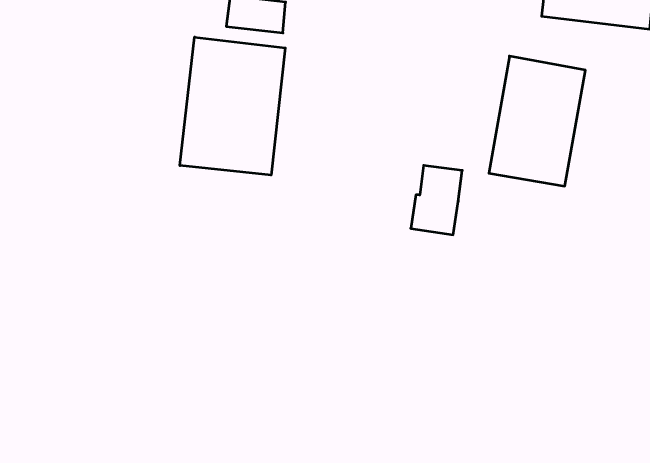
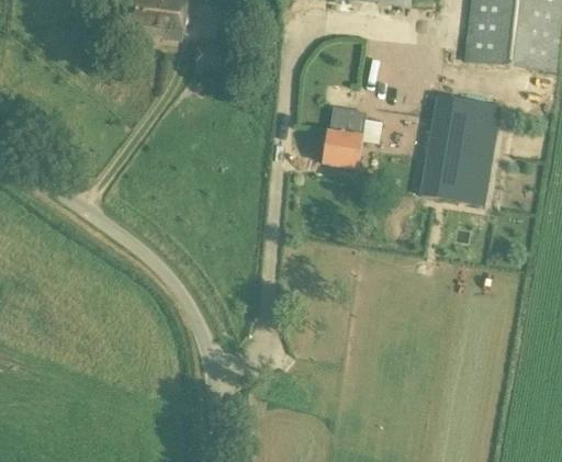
building: [180,37,285,175] -> none
building: [411,165,462,235] -> [323,106,367,166]

